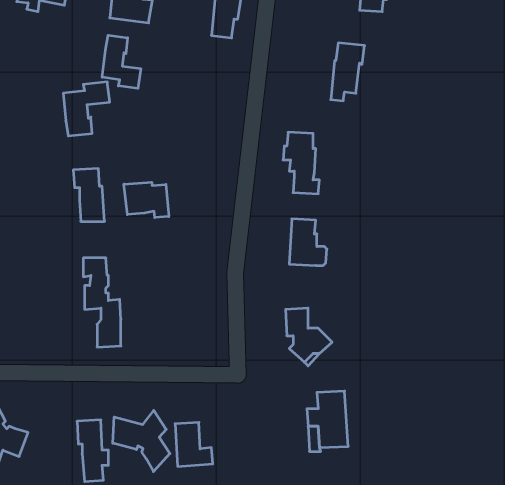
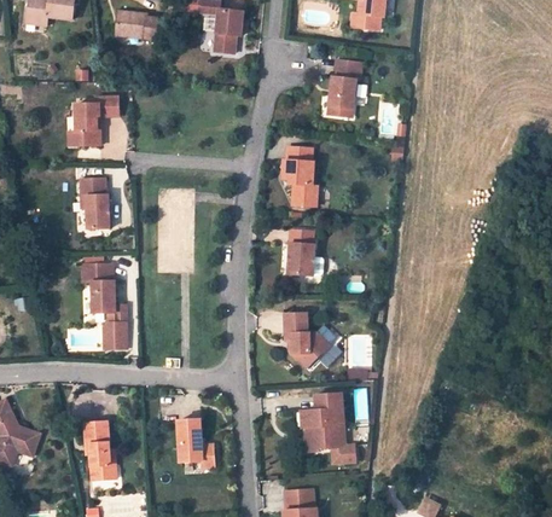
building: [102,35,141,88] -> none
building: [124,182,169,218] -> none
building: [113,410,170,472] -> none

